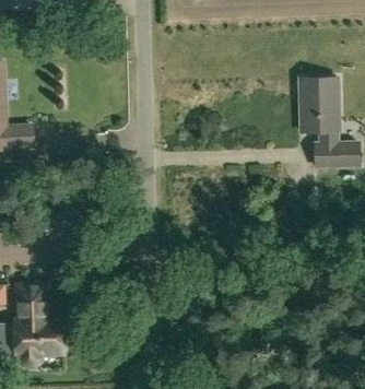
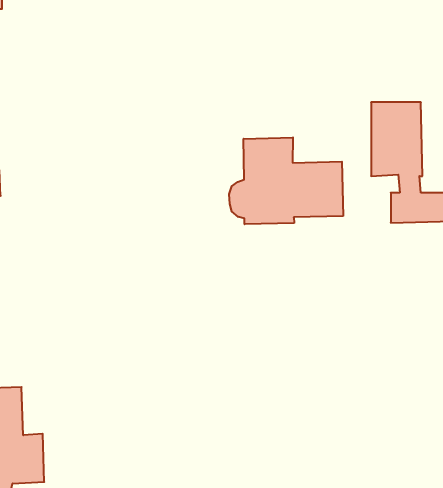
building: none -> [229,137,343,224]

